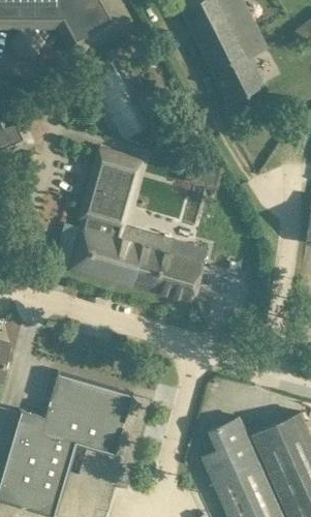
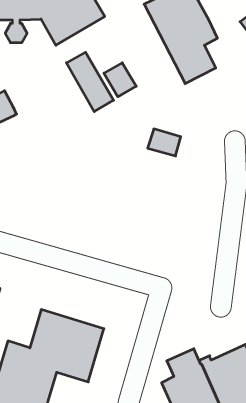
building: [68,149,205,301] -> none

